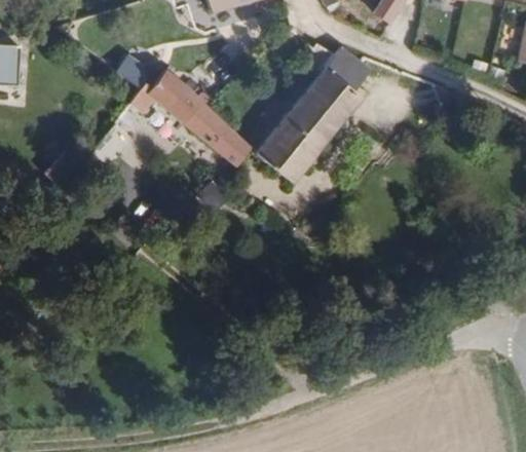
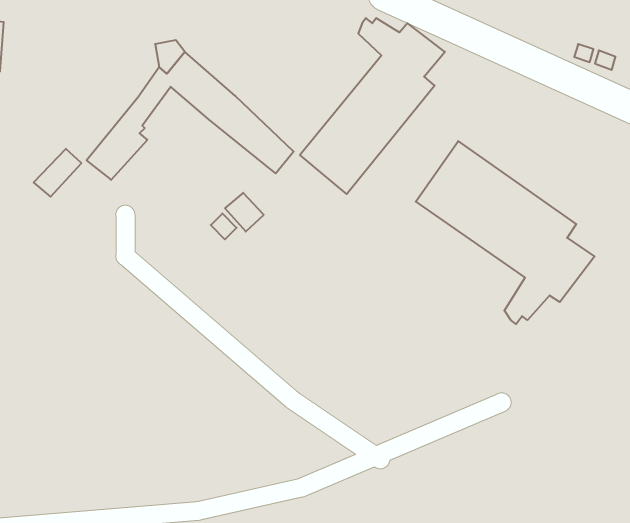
building: none -> [416,141,595,324]

